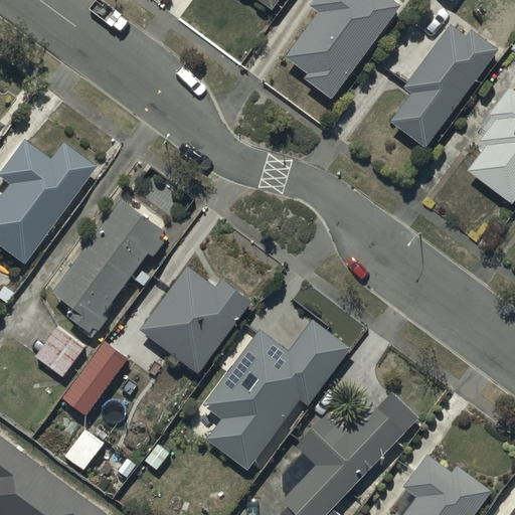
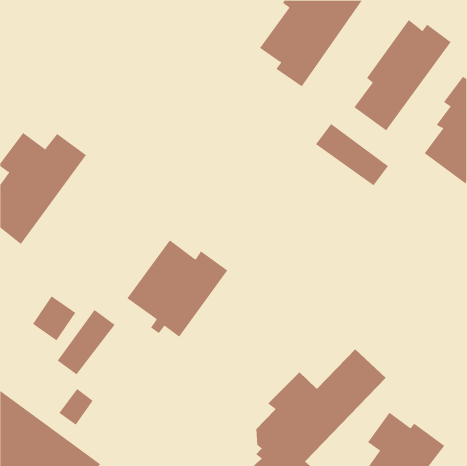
building: none -> [315,123,389,186]
building: [53,197,164,339] -> none
building: [203,320,350,469] -> none

